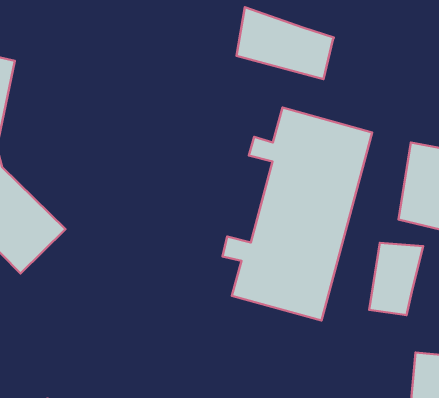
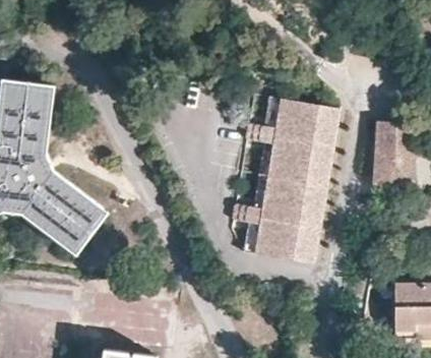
building: [237,7,334,79] -> none
building: [369,243,423,315] -> none

